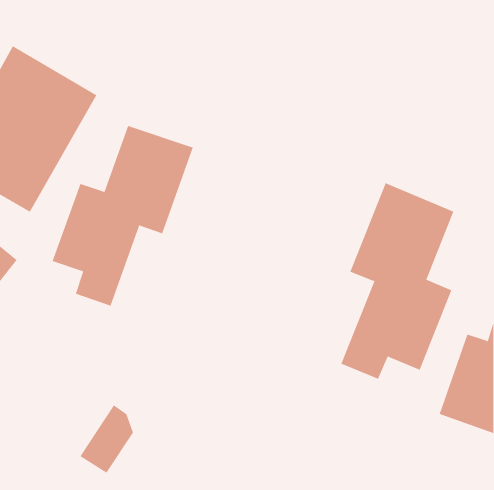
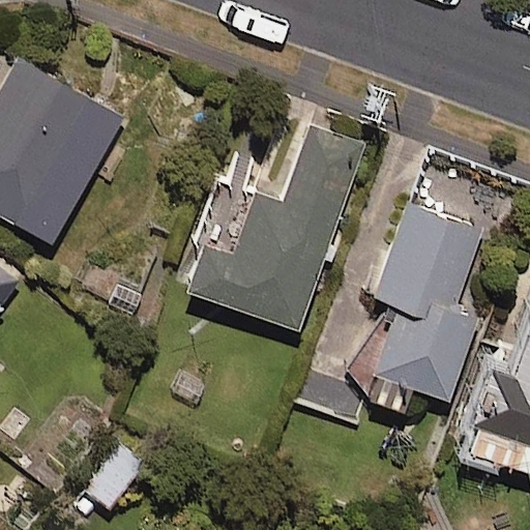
building: none -> [187,129,362,330]
building: [52,125,193,306] -> none

